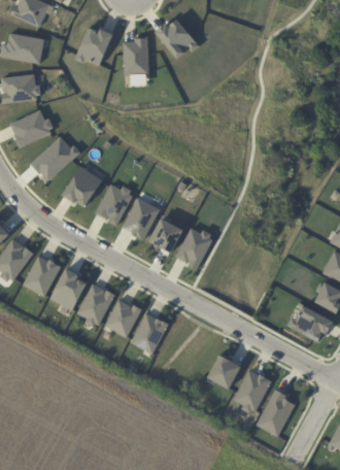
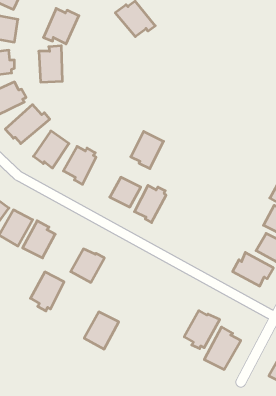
building: [123,35,149,76] -> [39,46,62,82]
building: [123,197,160,239] -> [131,131,164,169]
building: [76,282,114,327] -> [30,272,64,311]
building: [130,312,169,355] -> [84,312,119,349]
building: [206,354,241,389] -> none

